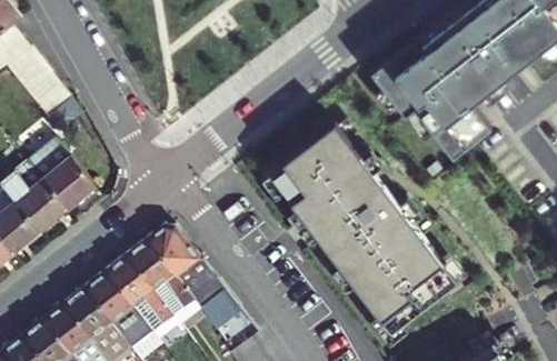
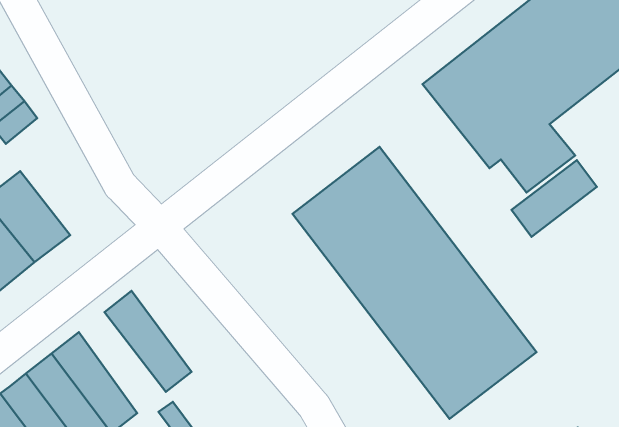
building: none -> [511,160,597,237]
building: [143,225,236,328] -> none
building: [102,253,170,332] -> none

